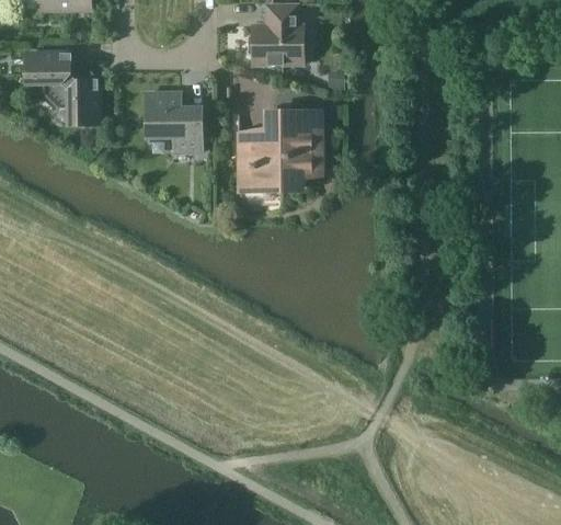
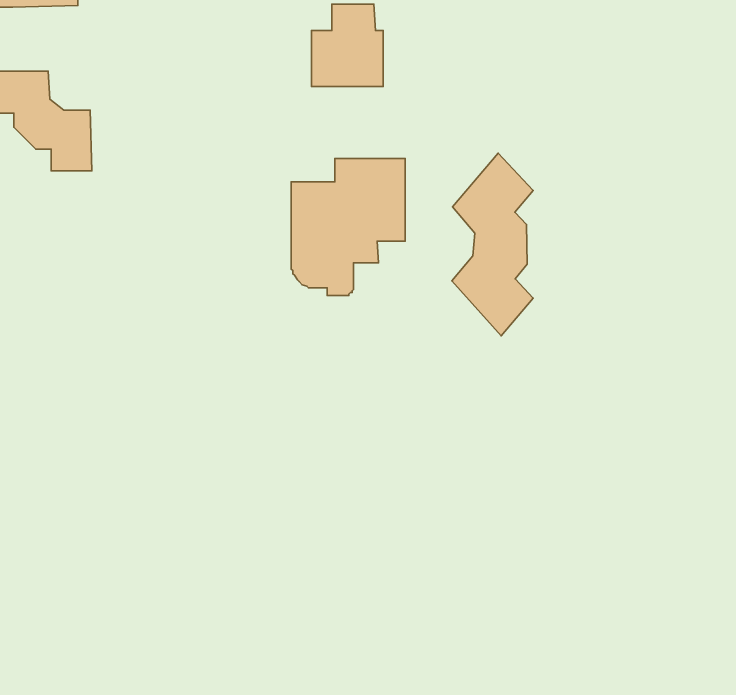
building: [148,91,202,150] -> none
building: none -> [452,153,533,336]

